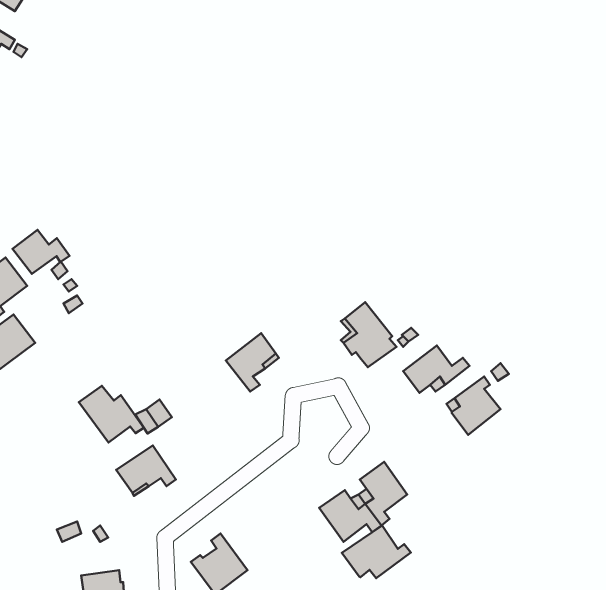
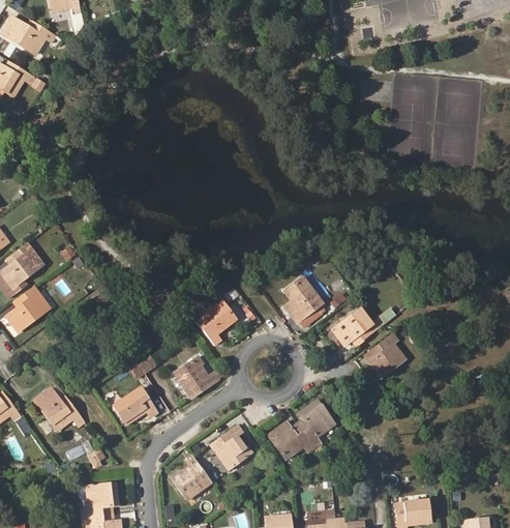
building: [12,230,69,274] -> none
building: [79,386,144,443] -> [33,388,83,432]
building: none -> [174,357,218,399]
building: none -> [209,426,251,470]
building: [342,525,411,578] -> none

